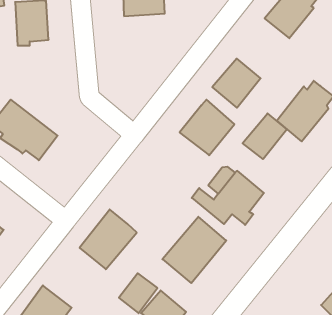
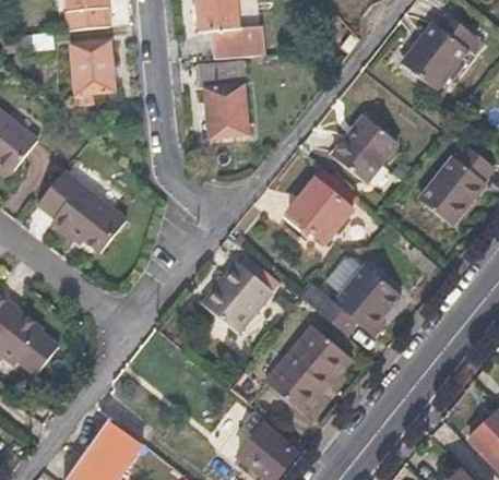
building: none -> [193,63,247,137]
building: [243,113,287,159] -> none
building: [80,209,137,269] -> [204,251,281,331]

